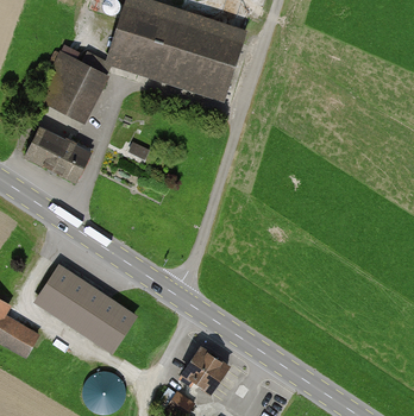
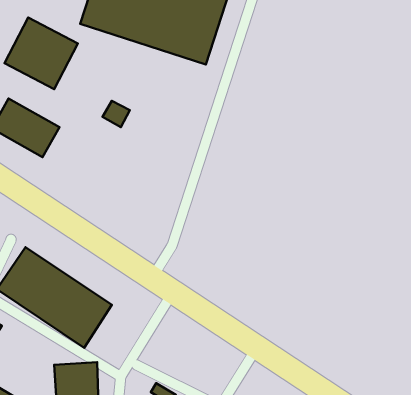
building: [183,346,231,393] -> none

